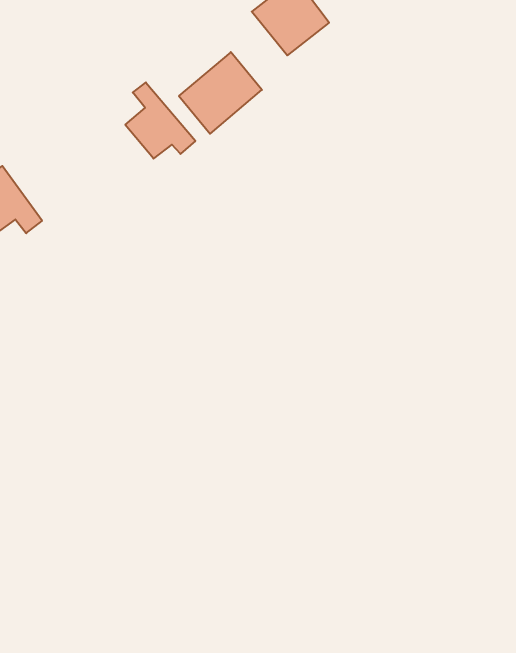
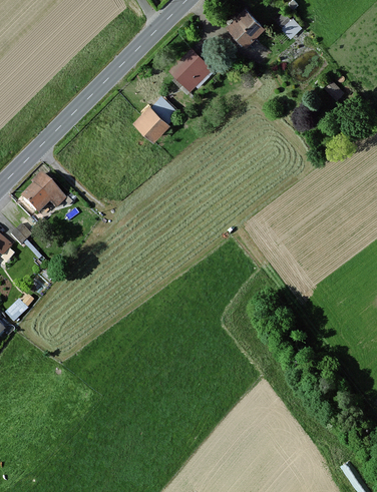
building: [125,82,195,159] -> none

